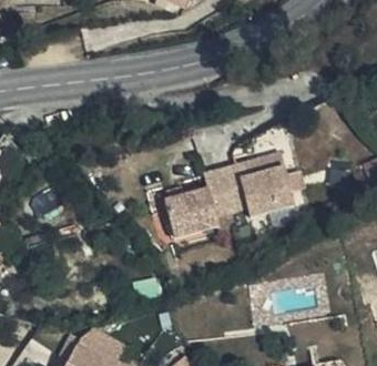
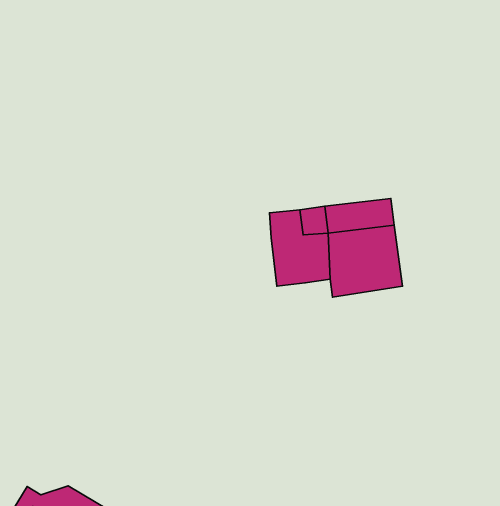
building: [174,177,222,223] -> none

